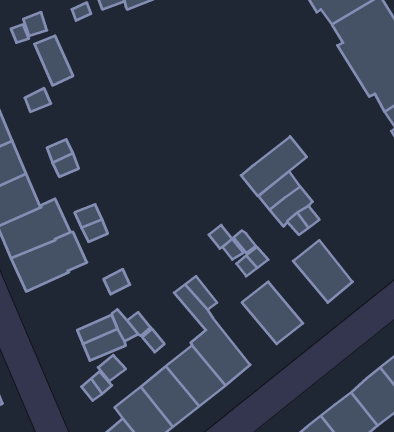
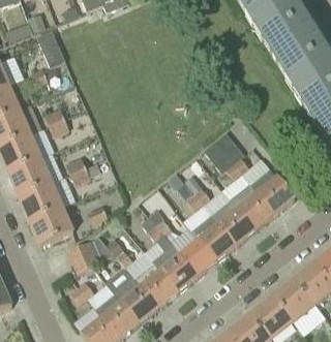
building: [241,136,307,196] -> none
building: none -> [249,166,295,213]
building: none -> [211,197,255,244]
building: none -> [30,206,72,244]
building: none -> [170,225,217,275]

